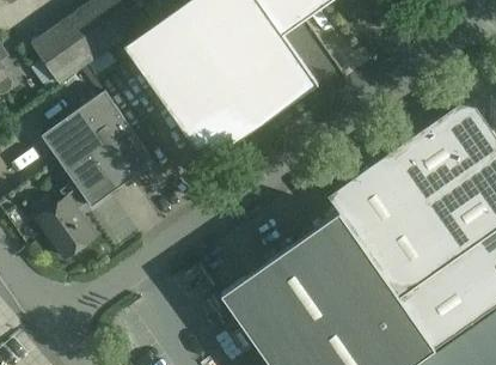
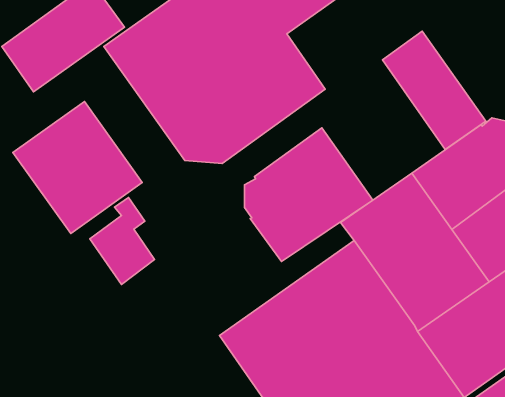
building: none -> [382,31,486,149]
building: none -> [244,128,373,261]
building: [38,184,94,260] -> [90,198,155,284]

